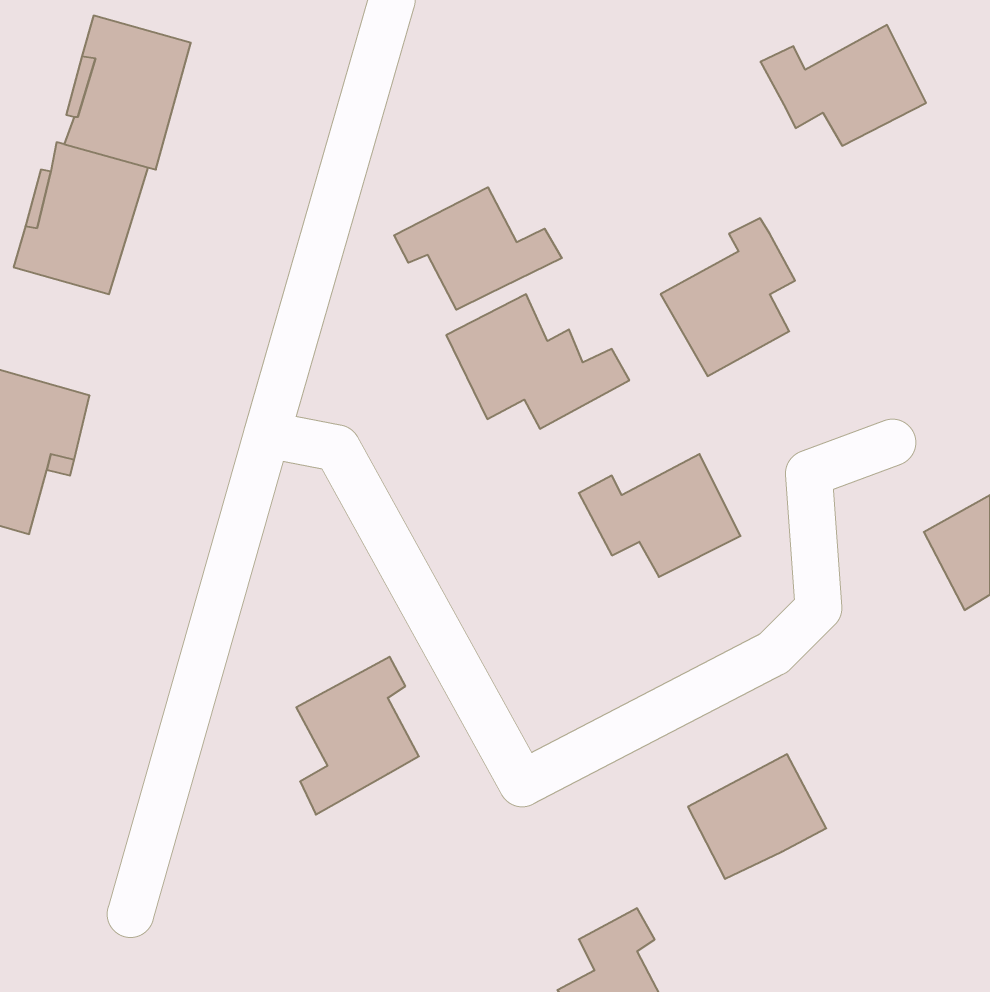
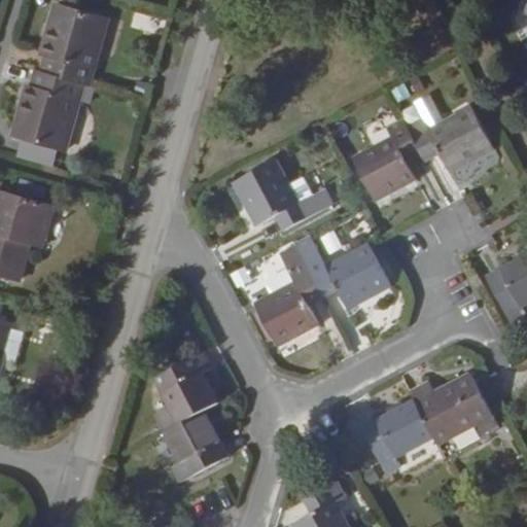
building: [760,25,926,146] -> [407,106,494,170]
building: [394,187,562,310] -> none
building: none -> [252,248,323,346]
building: none -> [412,377,498,445]
building: none -> [167,411,231,484]

